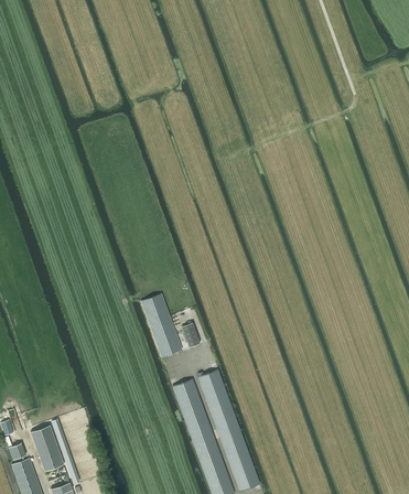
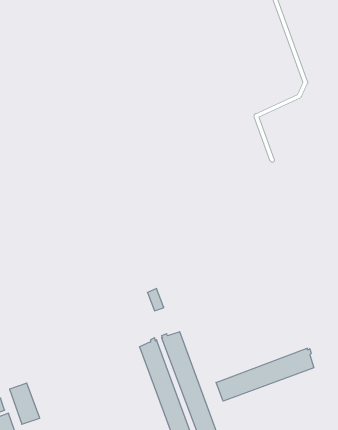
building: [141,293,182,356] -> none
building: none -> [216,348,314,401]

